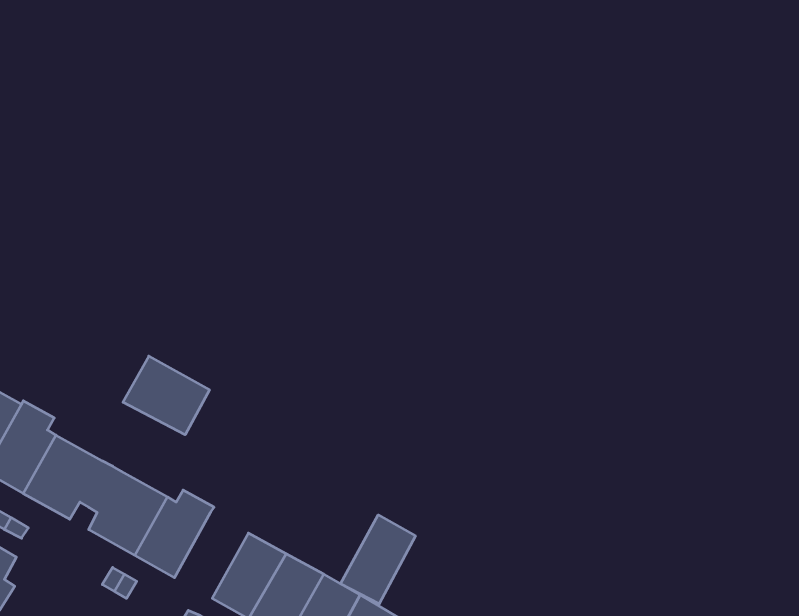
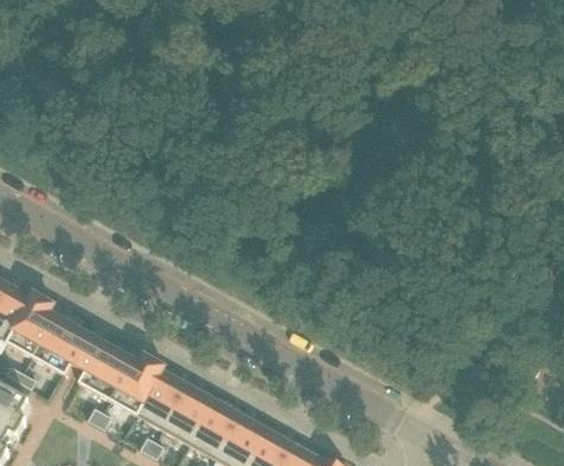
building: [123,356,209,435] -> none
building: none -> [129,362,180,422]
building: [341,515,415,604] -> none

